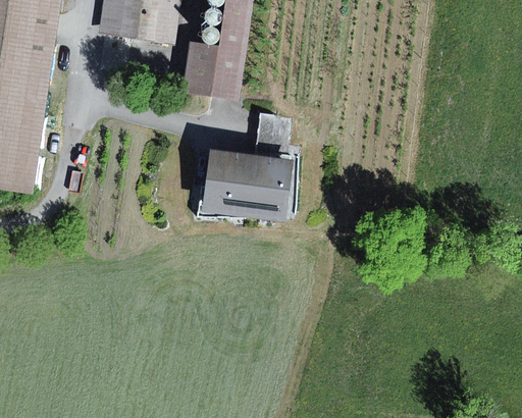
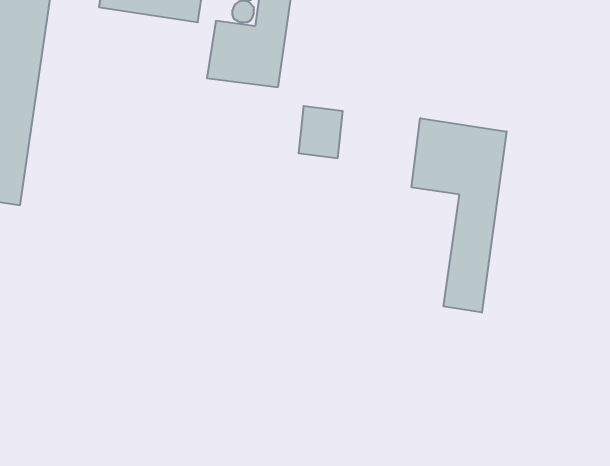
building: none -> [412,118,507,313]
building: [203,149,294,221] -> none

